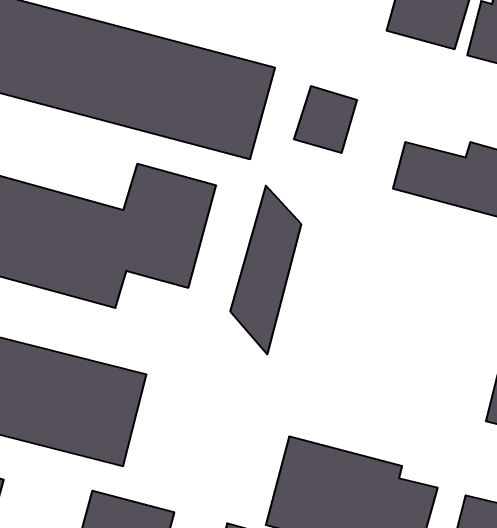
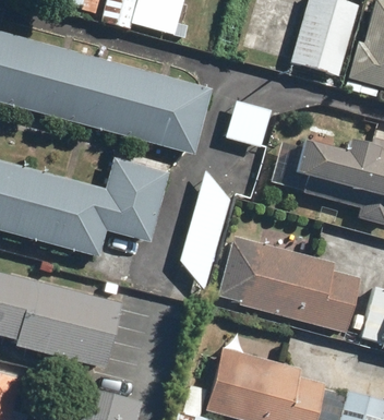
building: none -> [239,241,360,332]

